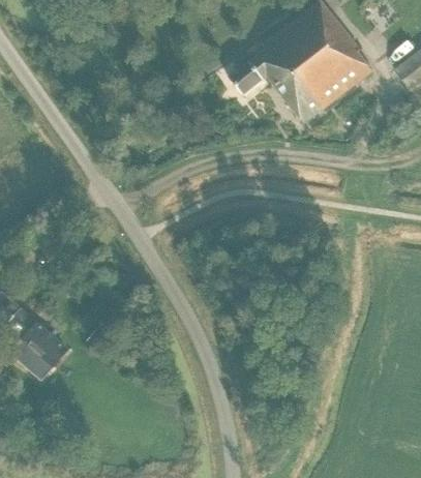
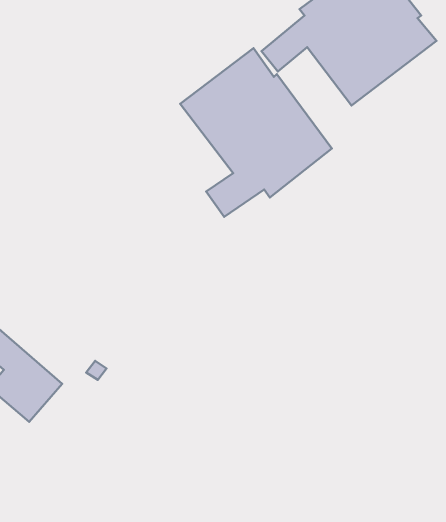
building: none -> [180,48,332,217]

